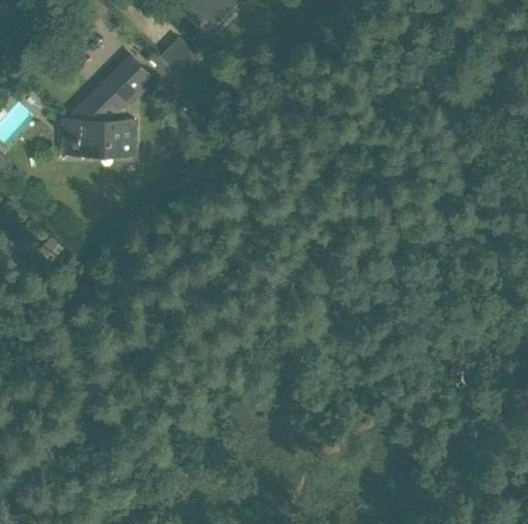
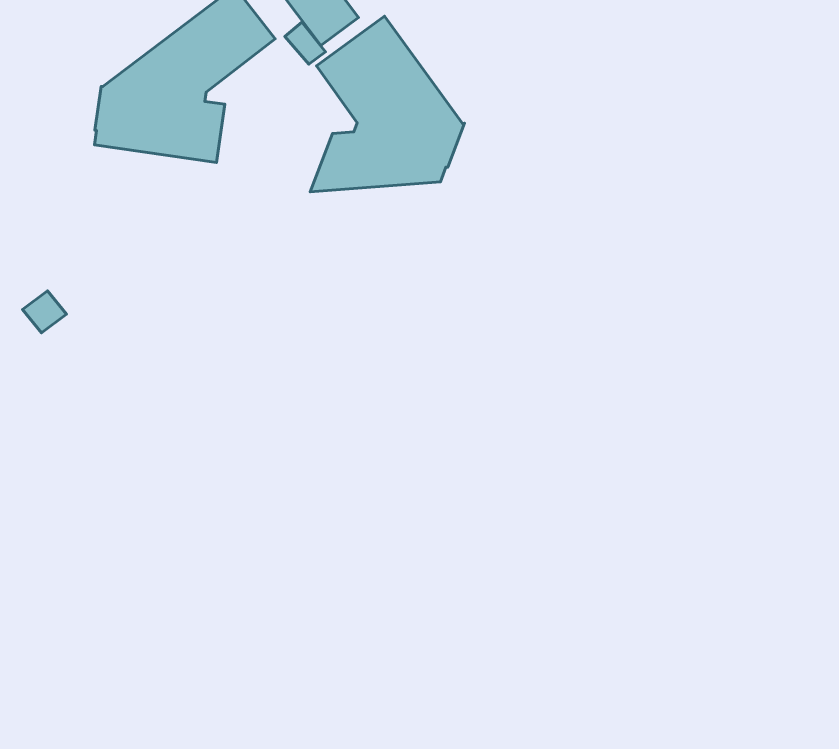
building: none -> [310,16,464,192]

